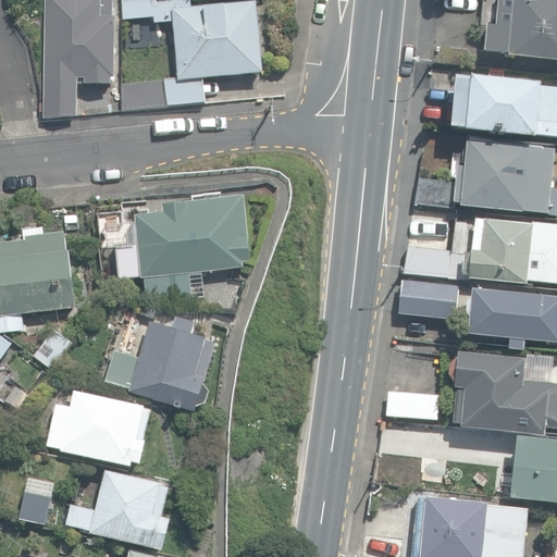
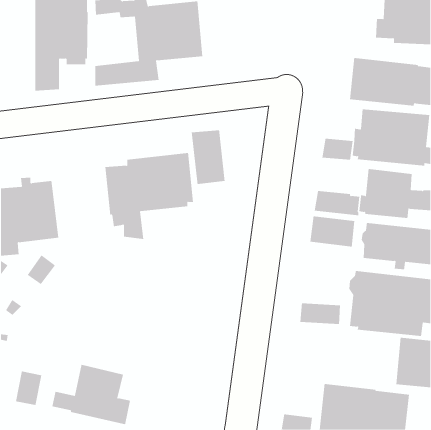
building: none -> [191,129,225,185]
building: [106,317,216,410] -> none
building: [47,389,150,466] -> none

